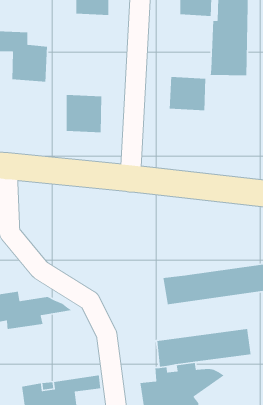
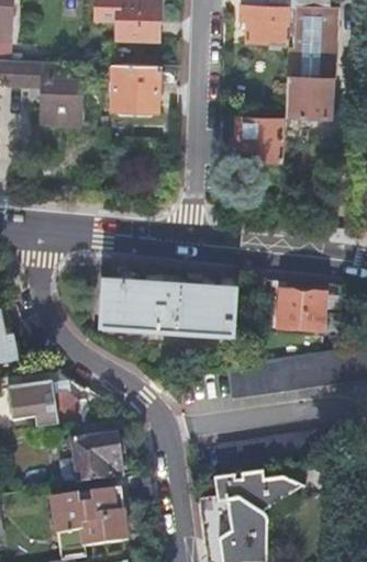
building: [66,94,102,133] -> [112,64,157,112]
building: none -> [103,269,236,337]
building: none -> [275,292,321,333]
building: none -> [70,436,119,480]

